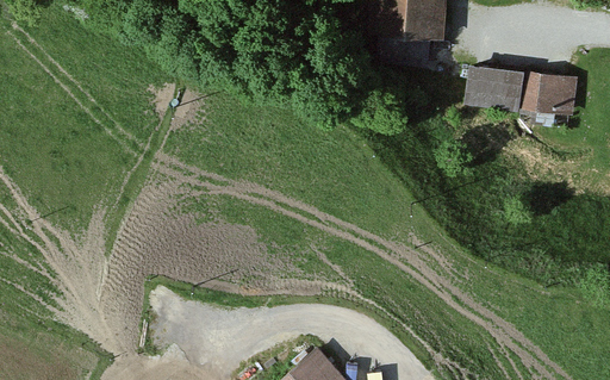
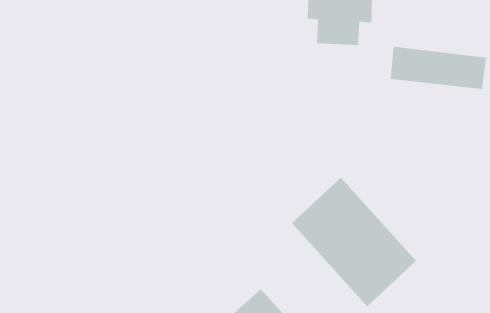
building: none -> [291,177,417,307]

